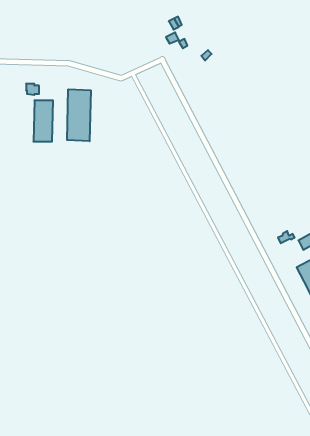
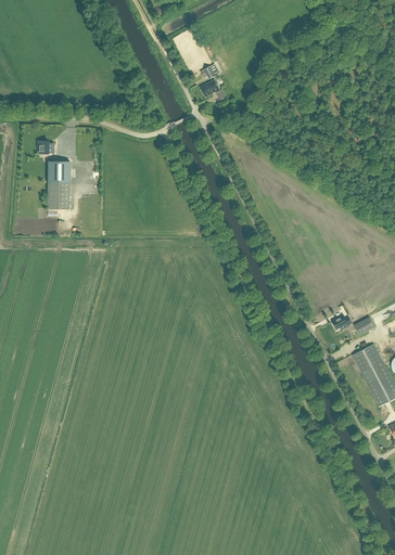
building: [67,89,91,141] -> none

